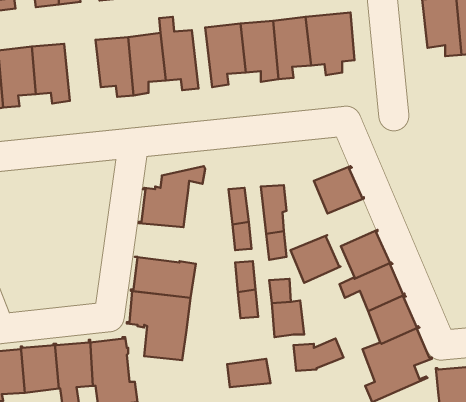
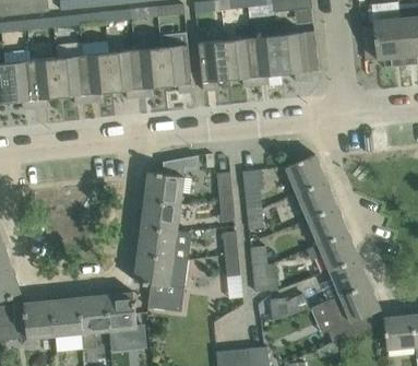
building: none -> [84,52,114,102]
building: none -> [141,200,180,232]
building: [290,235,341,283] -> [296,180,336,219]

